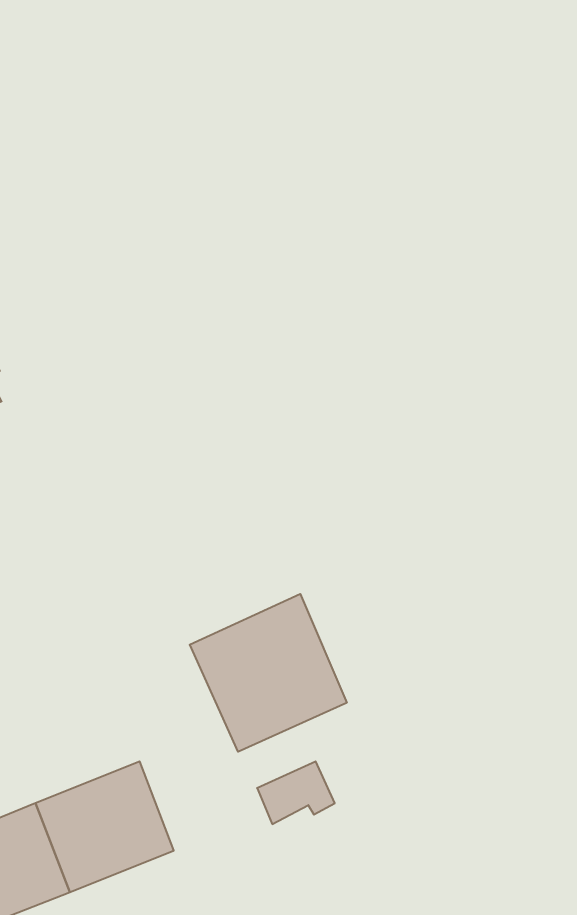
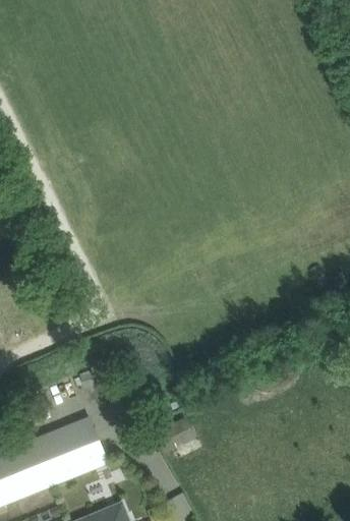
building: [190,594,347,752] -> none

